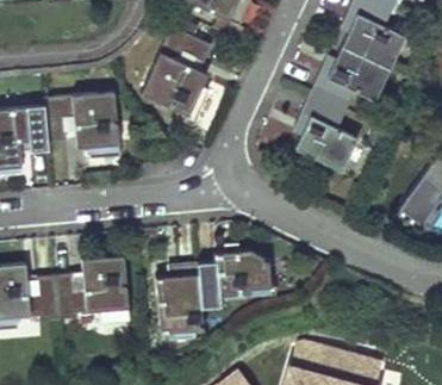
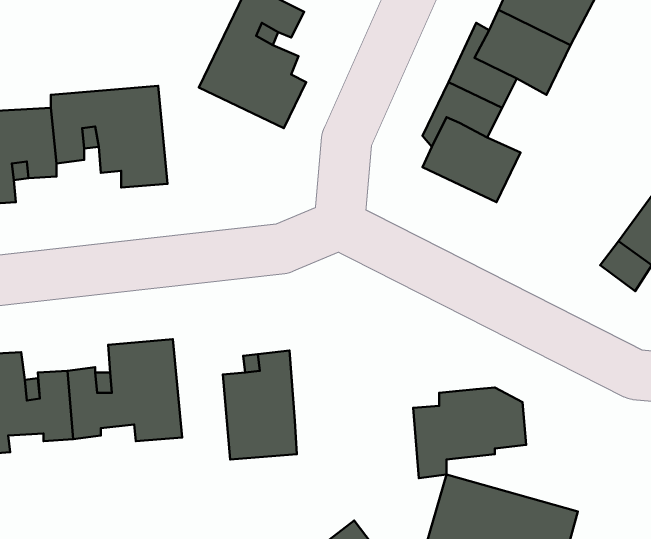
building: [199,249,272,308] -> [413,387,526,478]

